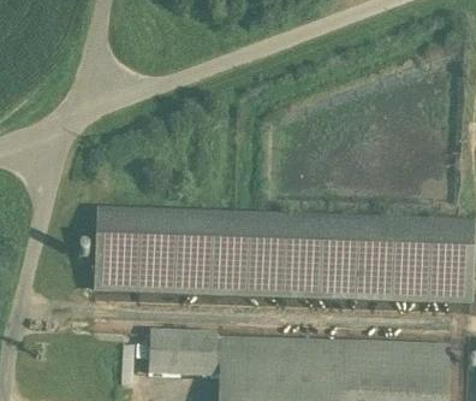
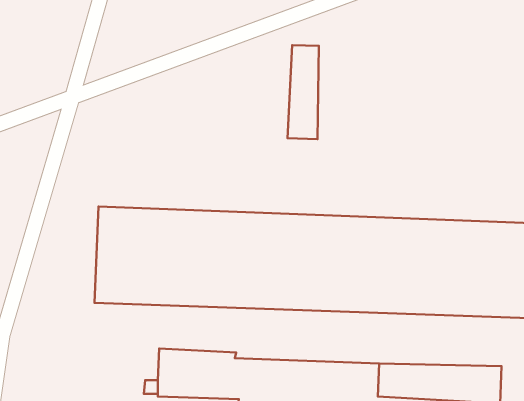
building: none -> [287,45,319,139]

